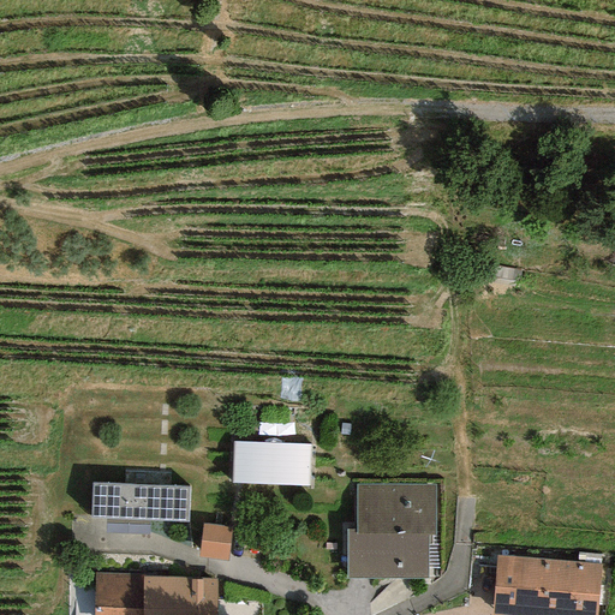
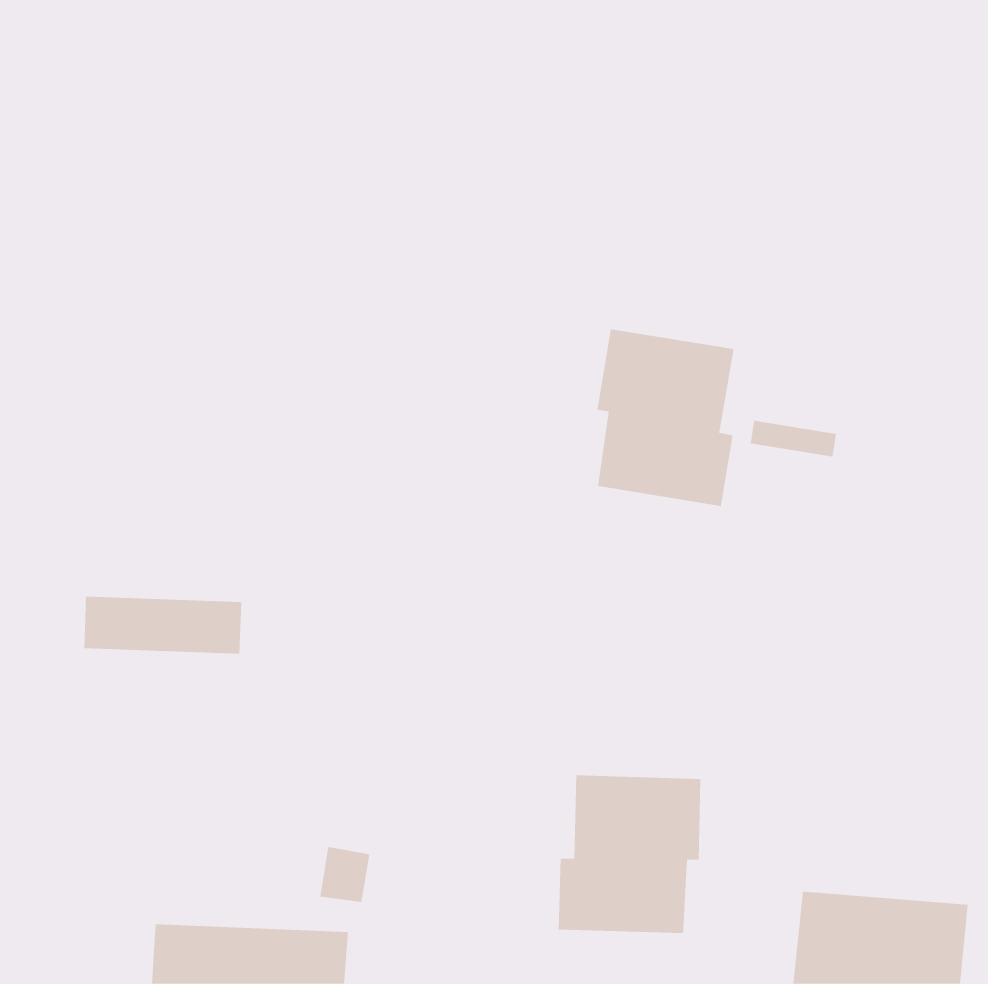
building: none -> [597,328,734,507]
building: [233,440,312,489] -> none
building: [90,485,189,521] -> [83,596,242,654]

